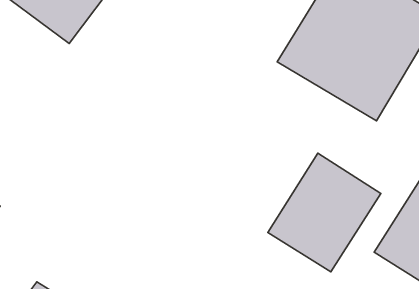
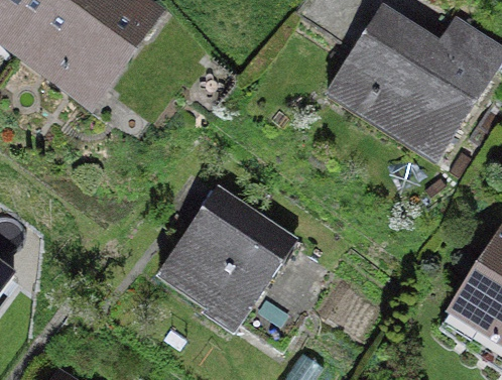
building: none -> [155,182,304,334]
building: [268,153,381,272] -> none

